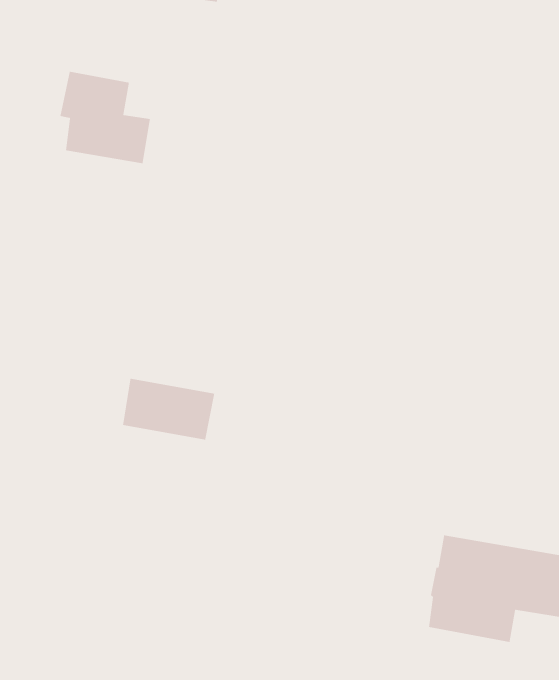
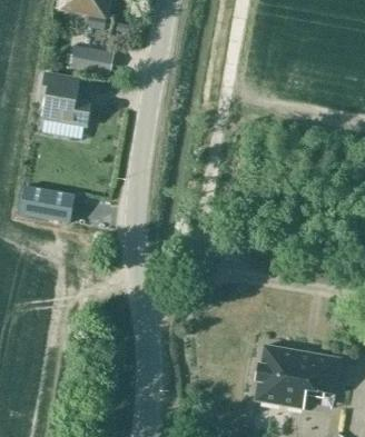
building: none -> [70,47,112,76]
building: [122,378,215,441] -> [19,186,73,222]

